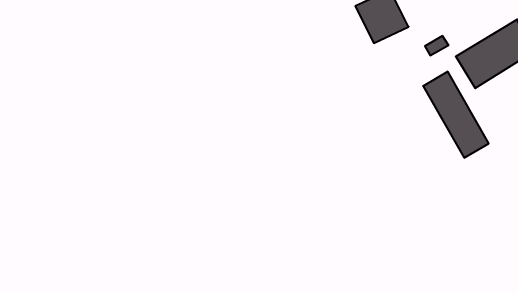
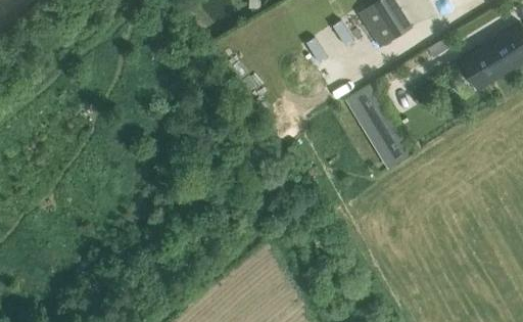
building: [423,72,489,158] -> [346,83,412,169]

